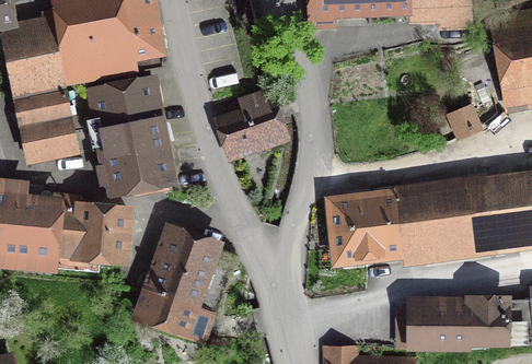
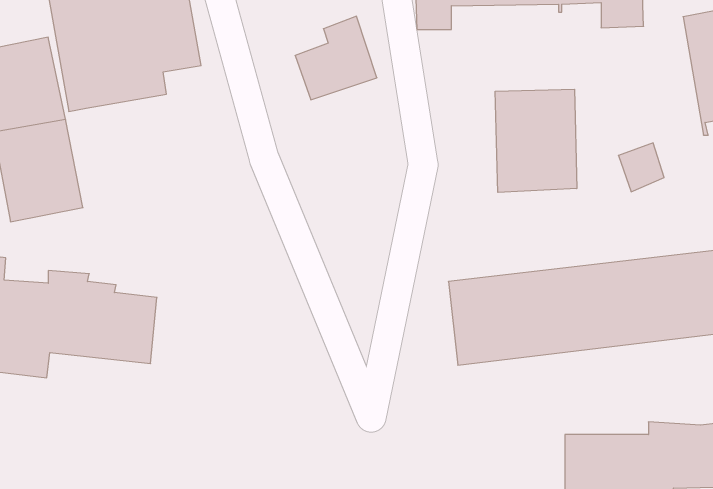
building: none -> [495,89,577,192]
building: [80,71,170,196] -> none
building: [221,92,278,150] -> [295,16,377,100]
building: [141,233,236,339] -> none

